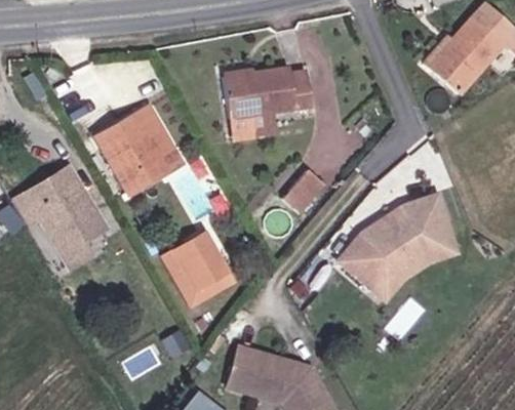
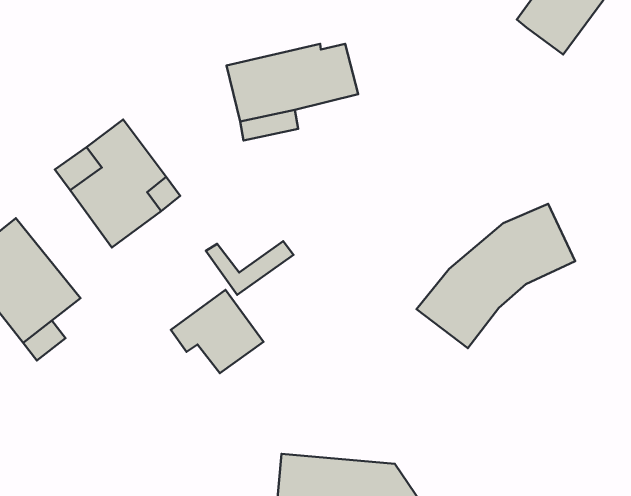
building: [283,169,326,214] -> none
building: [370,238,457,301] -> none
building: [174,268,235,304] -> [206,241,293,295]

